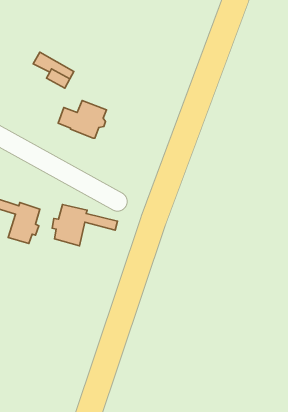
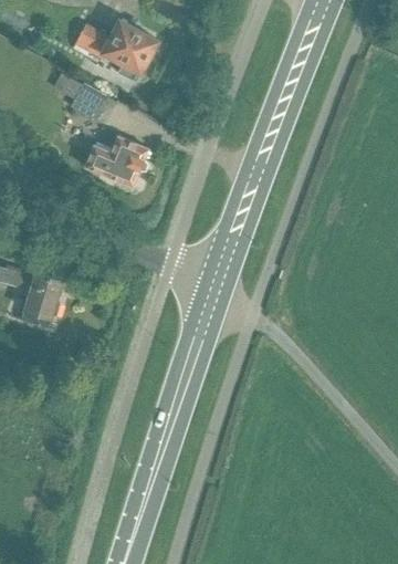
building: none -> [73,18,160,81]
building: [52,204,118,246] -> none

